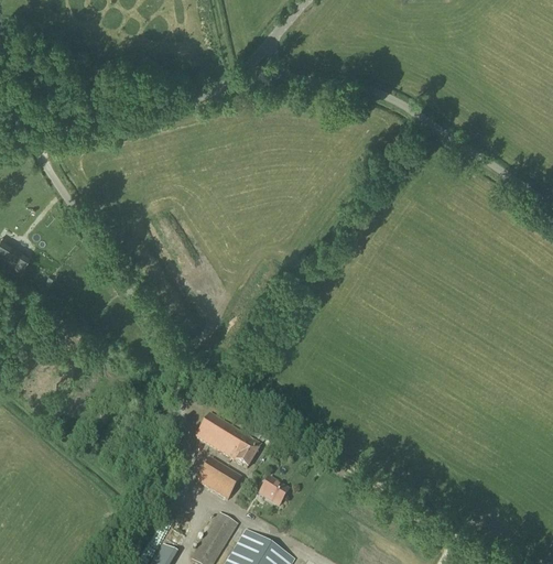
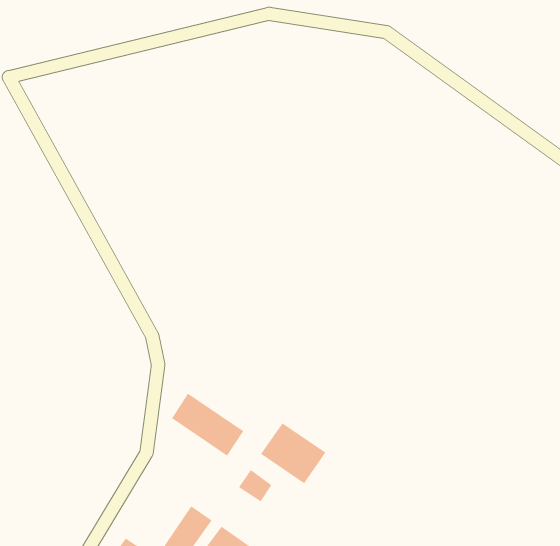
building: none -> [260,422,326,484]
building: [196,457,241,499] -> none

